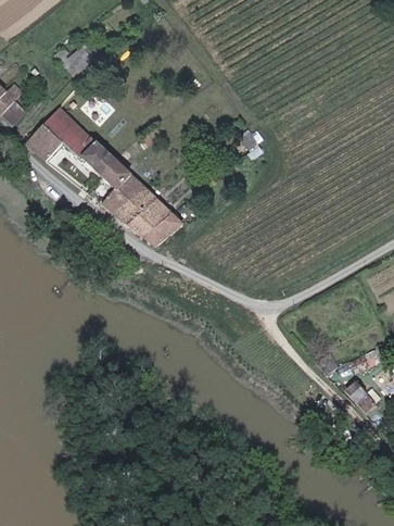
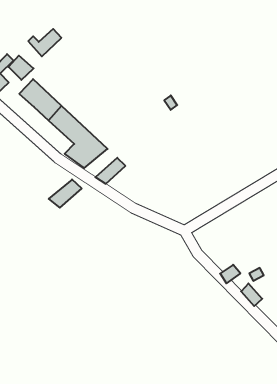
building: [28,127,62,160] -> [8,56,34,80]
building: [129,201,174,239] -> [49,179,82,208]

